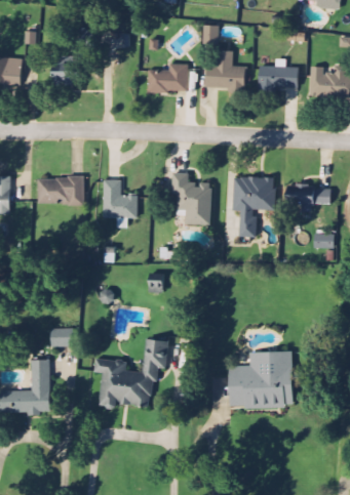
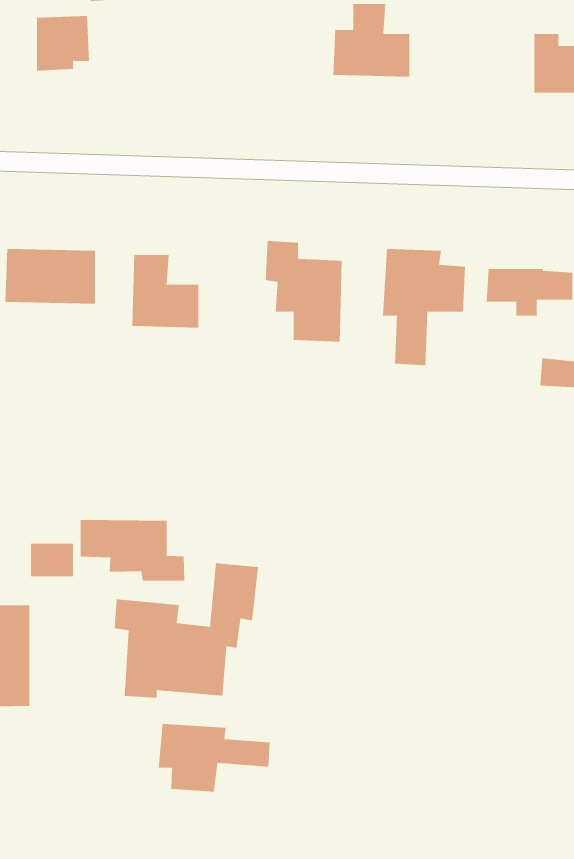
building: [259,59,298,87] -> none
building: [148,64,189,91] -> none
building: none -> [80,519,185,581]
building: [228,352,293,407] -> none
building: none -> [158,723,270,793]

